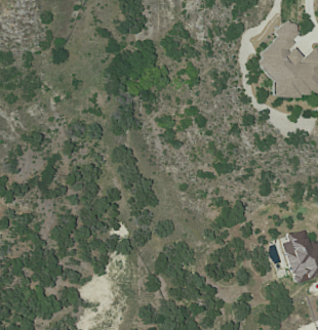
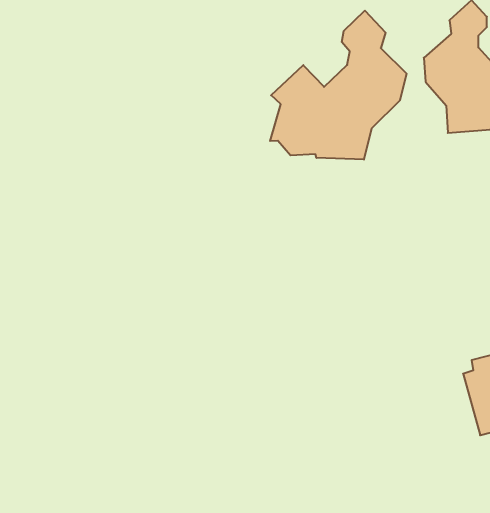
building: none -> [270,11,407,160]

